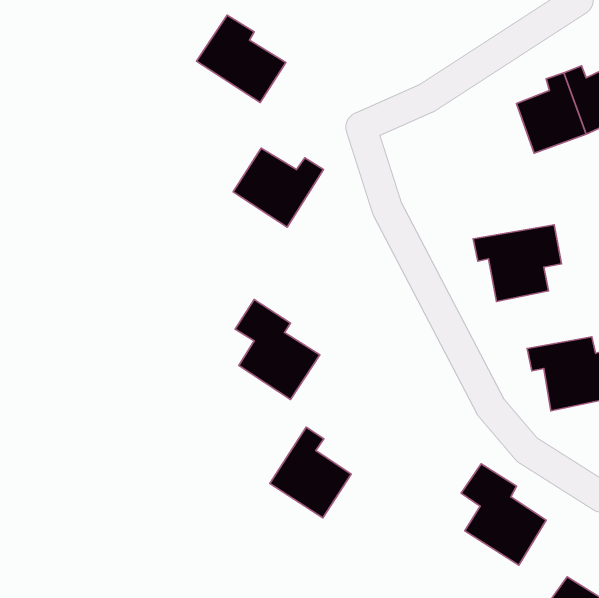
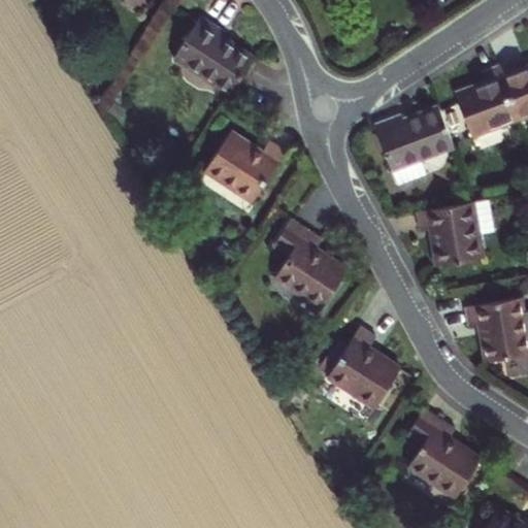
building: none -> [374,108,452,186]
building: [235,300,320,400] -> [273,221,348,308]
building: [270,427,351,518] -> [329,328,400,407]

